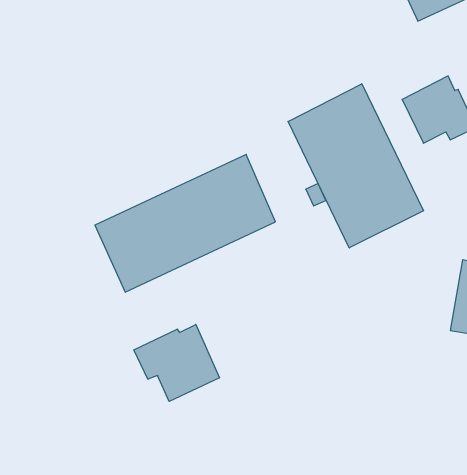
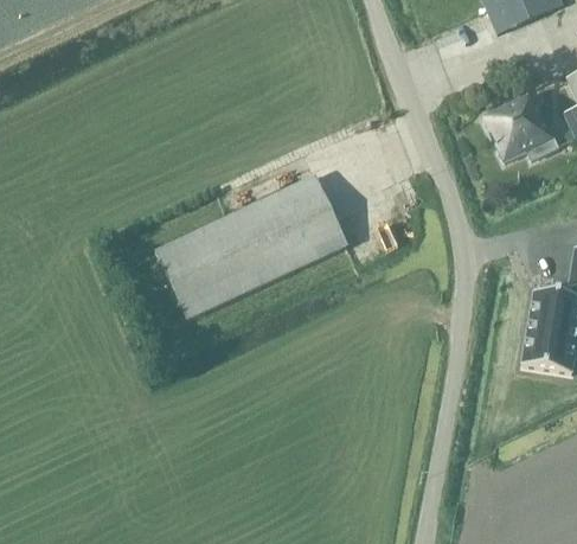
building: [288,84,424,248] -> none
building: [134,324,219,401] -> none

